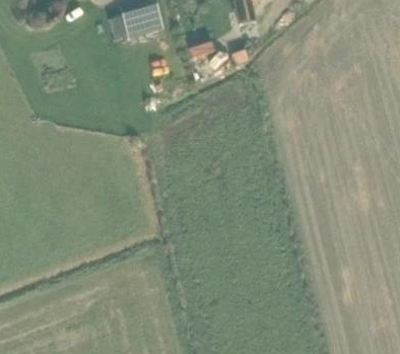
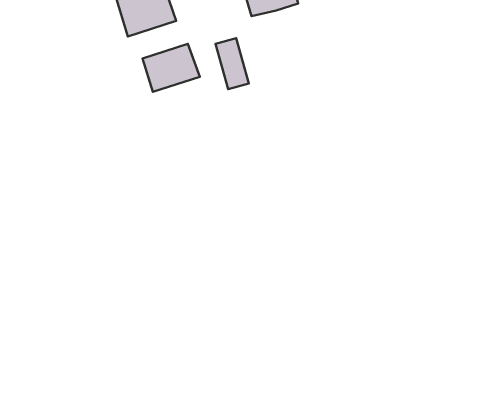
building: none -> [142,44,200,92]

